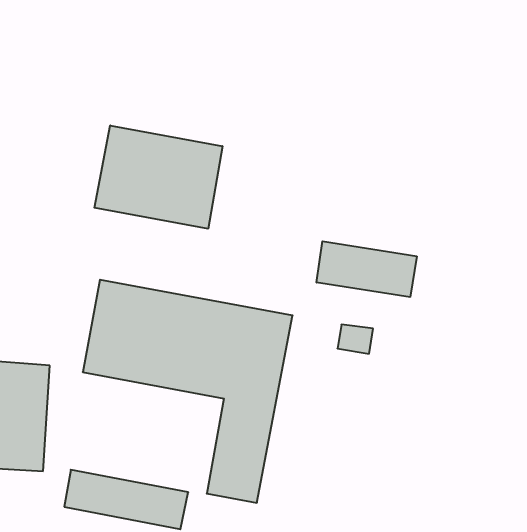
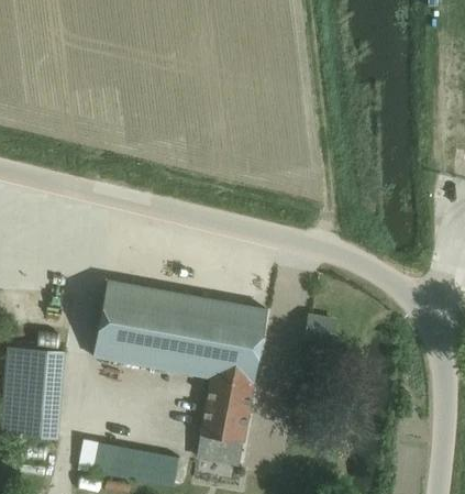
building: [94,125,222,229] -> none
building: [317,241,417,297] -> none

